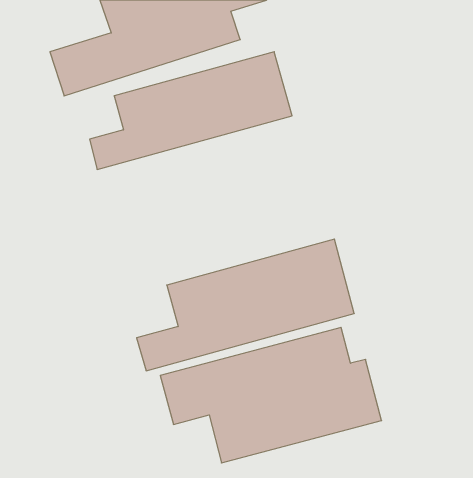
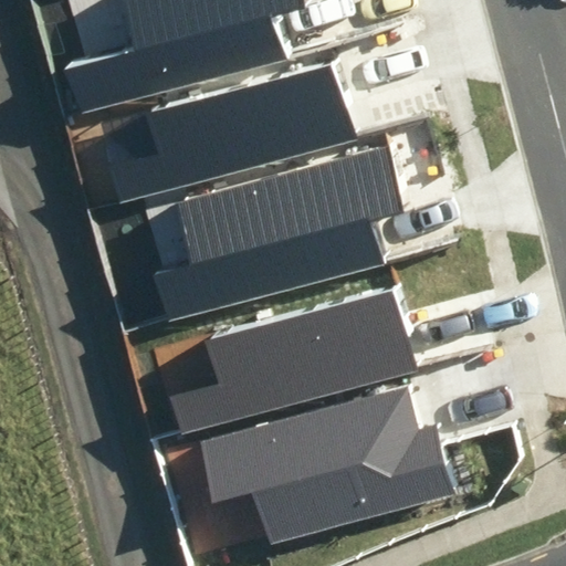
building: none -> [147,149,394,322]

